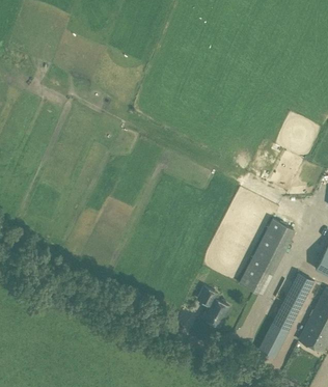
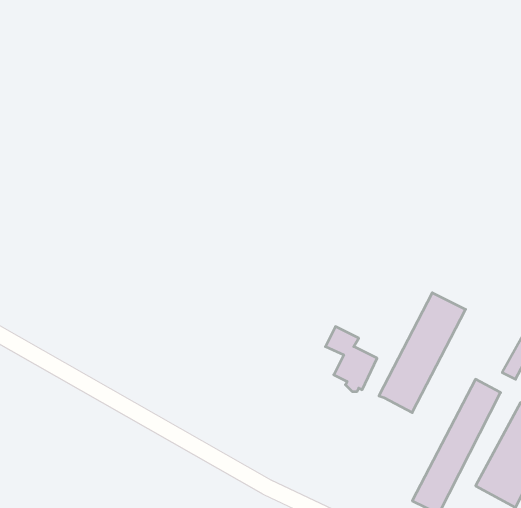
building: [198,287,230,328] -> [325,327,377,391]

